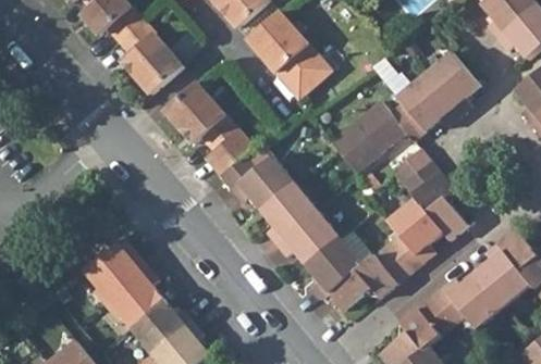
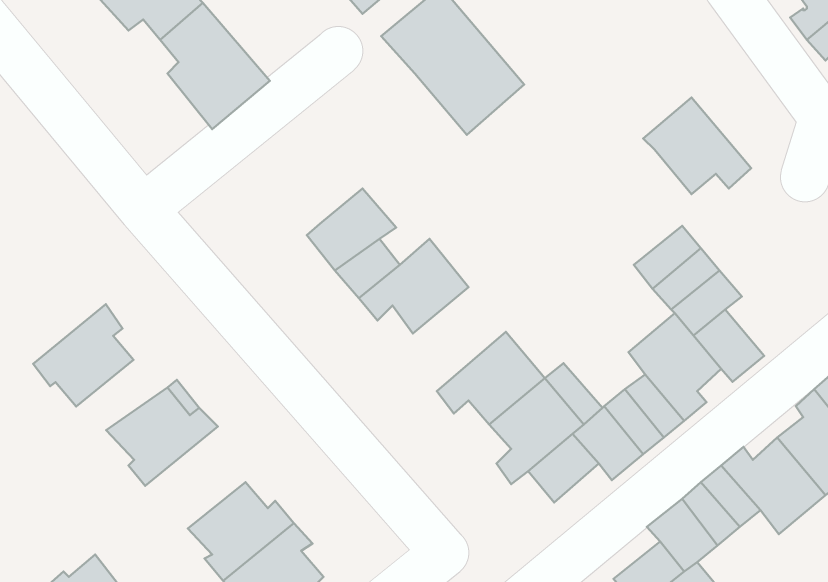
building: [426,51,480,114] -> none
building: [161,79,233,147] -> none
building: [330,99,426,173] -> none
building: [262,184,317,244] -> none
building: [106,265,164,325] -> [33,304,134,406]

